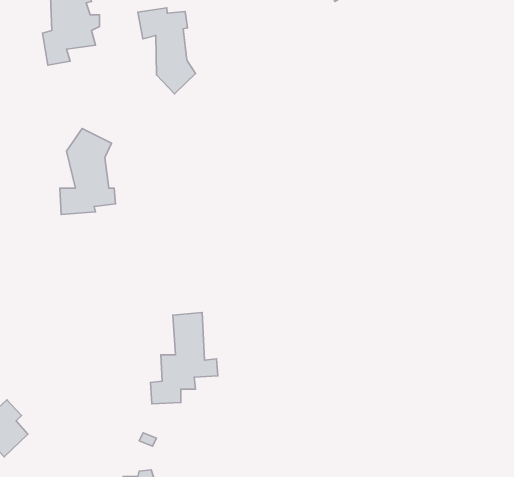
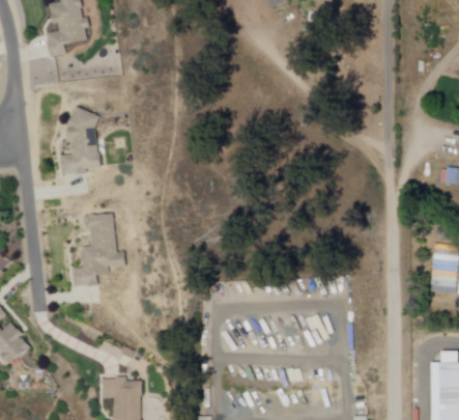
building: [138,8,195,94] -> none
building: [150,312,218,404] -> [70,215,123,286]

